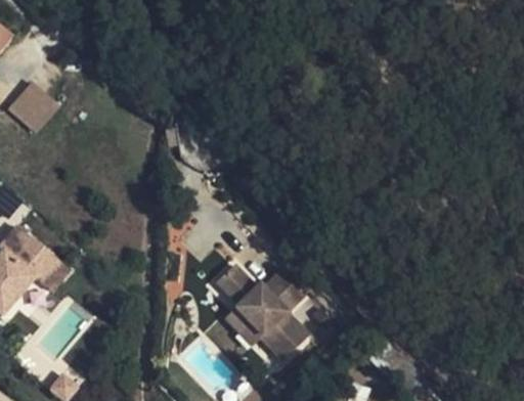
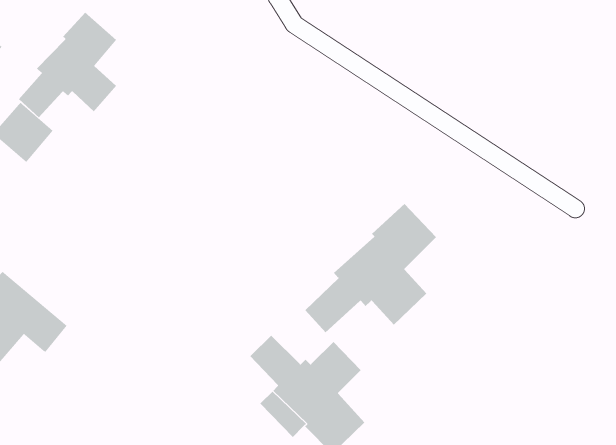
building: none -> [18,12,117,118]
building: none -> [305,203,437,333]

